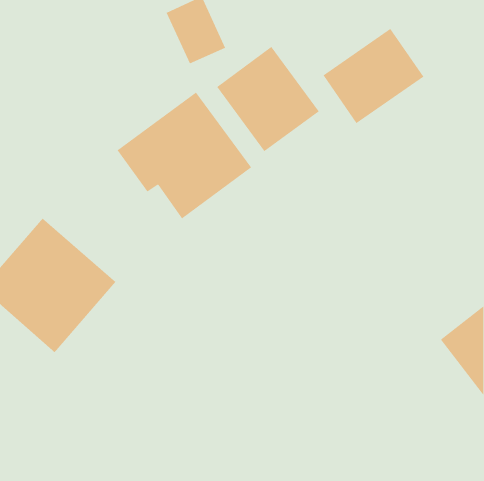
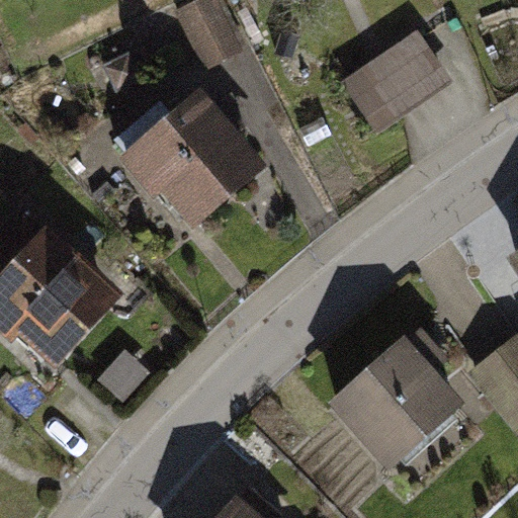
building: [216,46,320,152] -> none
building: none -> [324,322,462,459]

